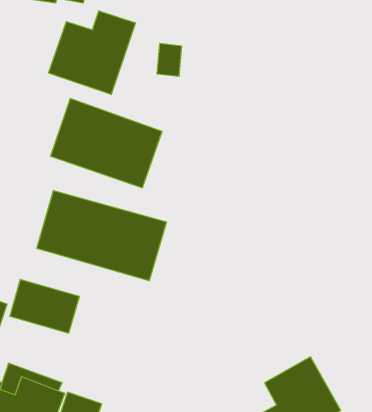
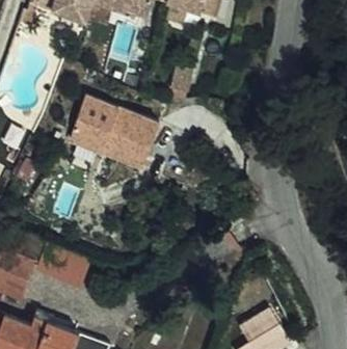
building: [48,11,135,95] -> none
building: [37,191,166,281] -> none

